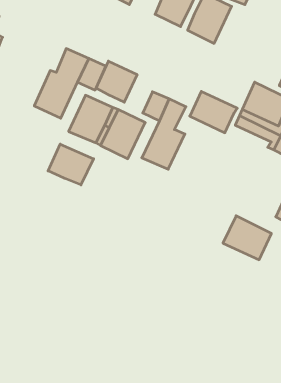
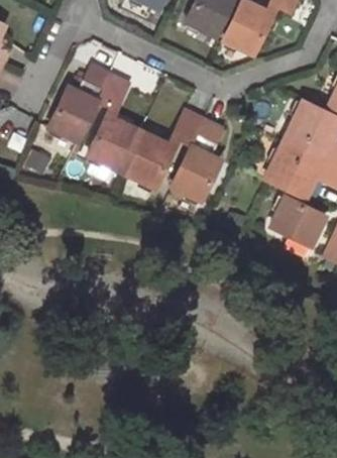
building: [96,61,137,102] -> none
building: [190,91,237,133] -> [265,149,320,197]
building: [48,144,94,185] -> none
building: [223,216,271,260] -> [269,195,325,245]

